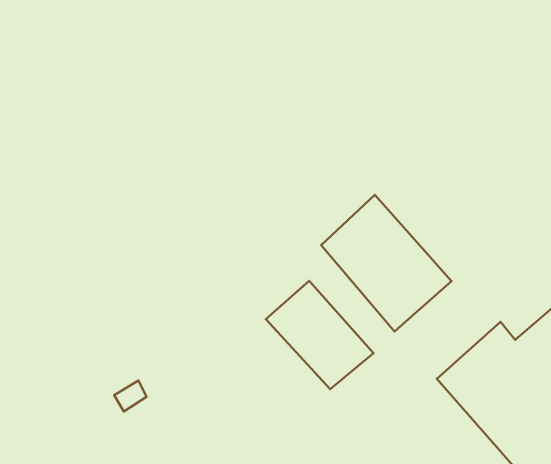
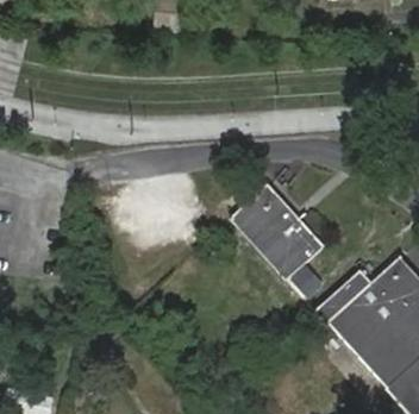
building: [266,281,373,389] -> none

